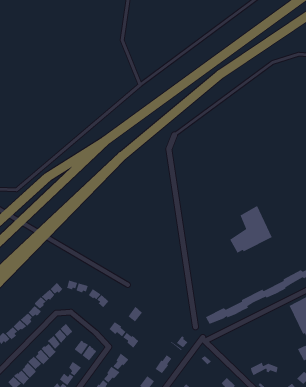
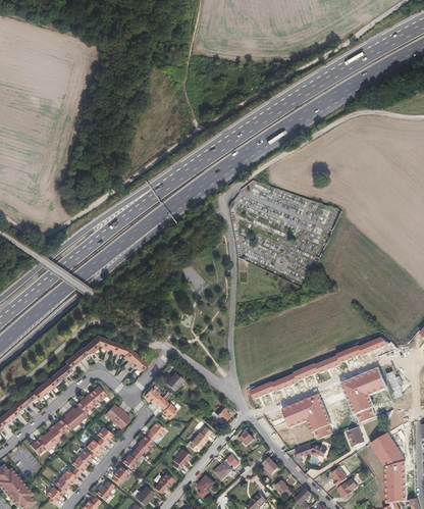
building: [229,205,273,254] -> none
building: none -> [282,394,333,440]

